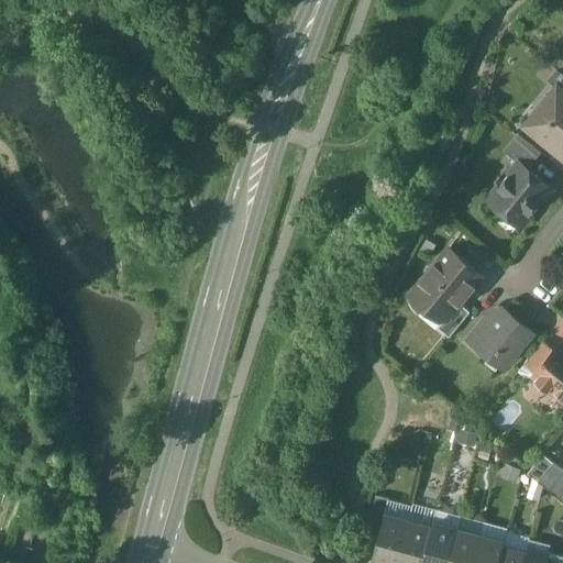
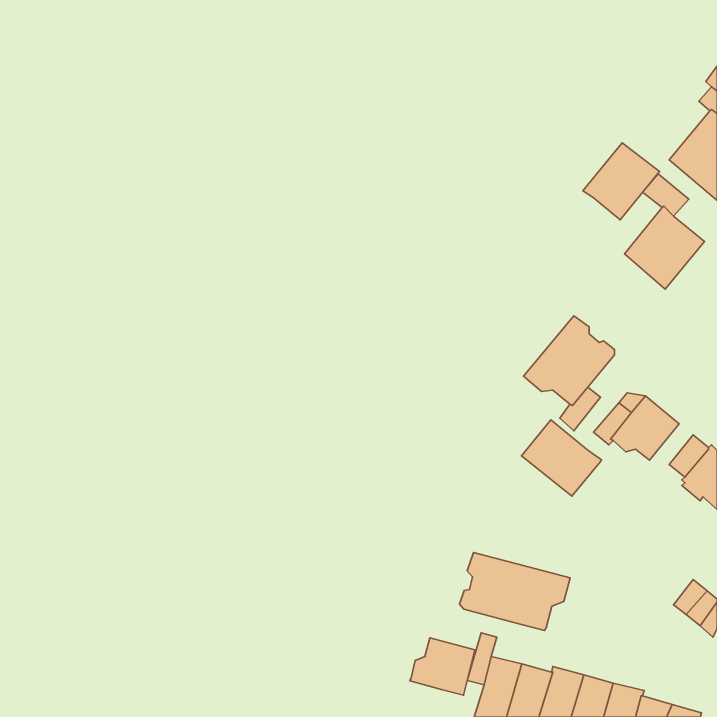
building: none -> [583,143,659,220]
building: none -> [521,420,601,496]
building: none -> [460,552,570,631]
building: none -> [410,638,475,695]

